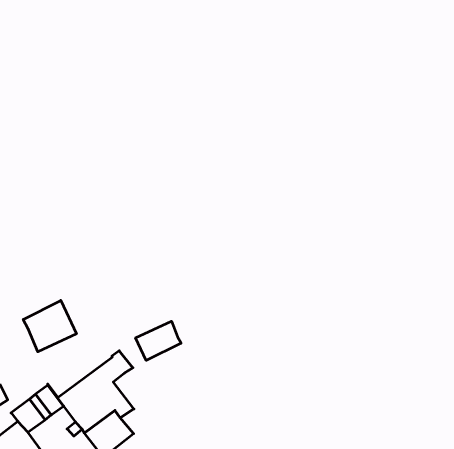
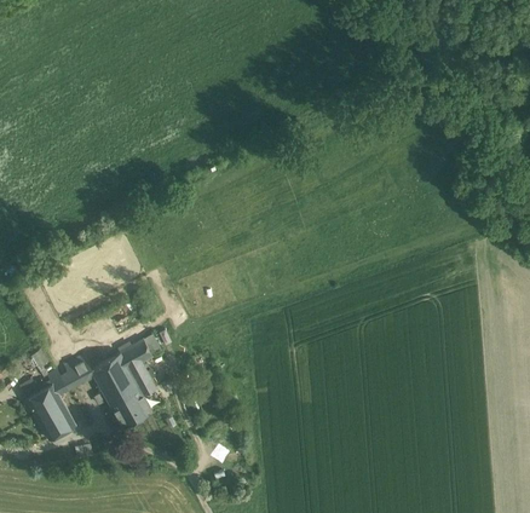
building: [23,300,76,352] -> none
building: [136,321,181,360] -> none

